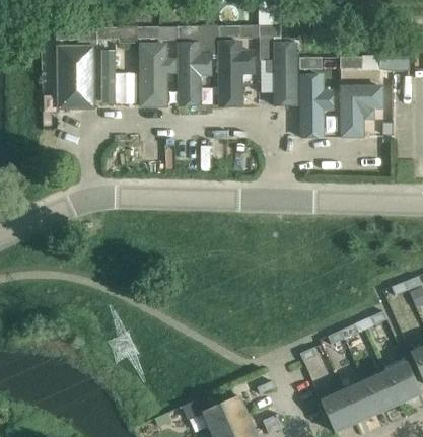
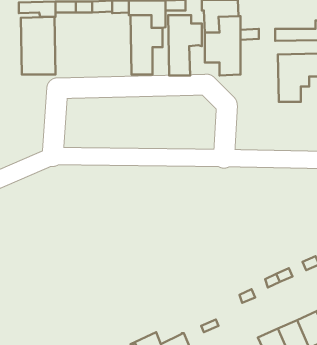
building: [139,43,175,108] -> none
building: [99,51,134,104] -> none
building: [299,74,335,138] -> none

